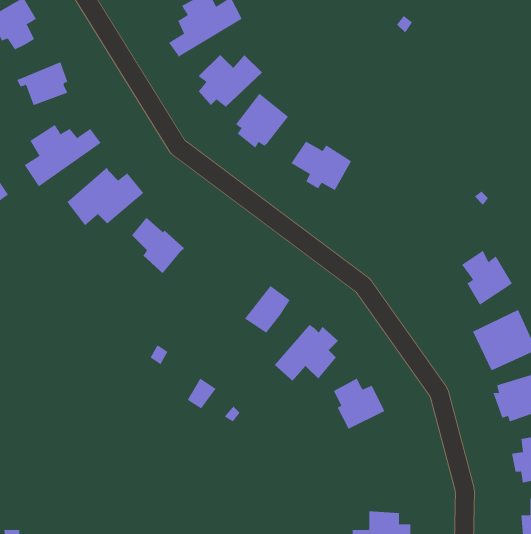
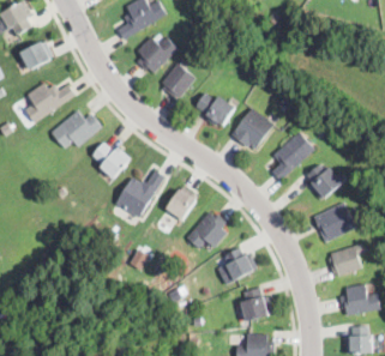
building: none -> [231,108,273,149]
building: none -> [272,132,314,179]
building: none -> [116,170,166,217]
building: none -> [241,288,272,322]

